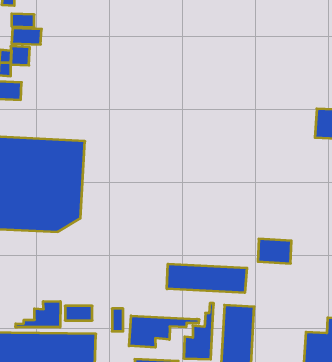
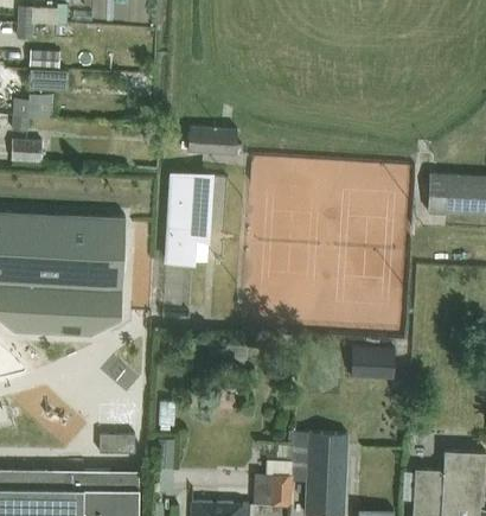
building: none -> [188,126,238,154]
building: none -> [167,172,213,267]
building: [167,264,247,293] -> none
building: [16,301,60,327] -> none
building: [129,316,199,347] -> none

